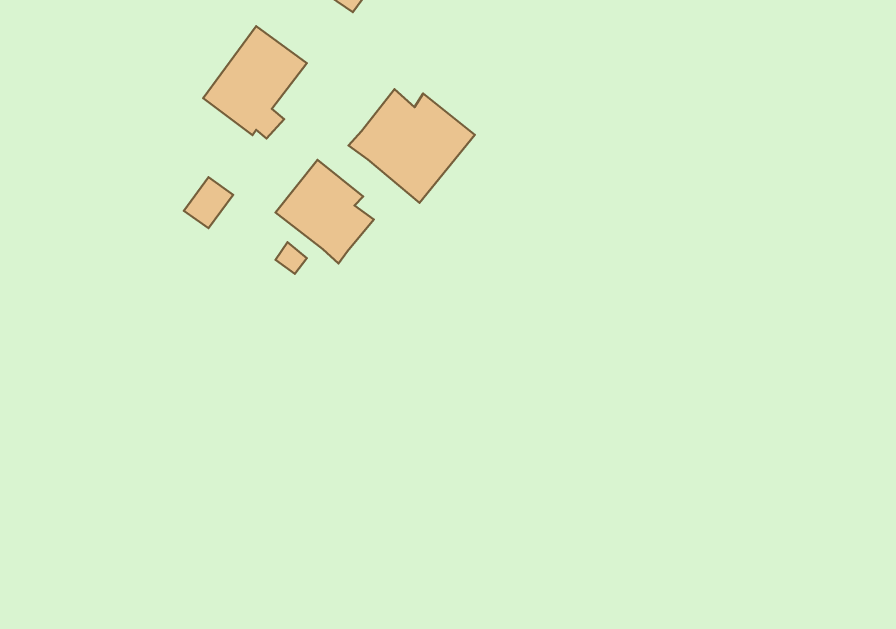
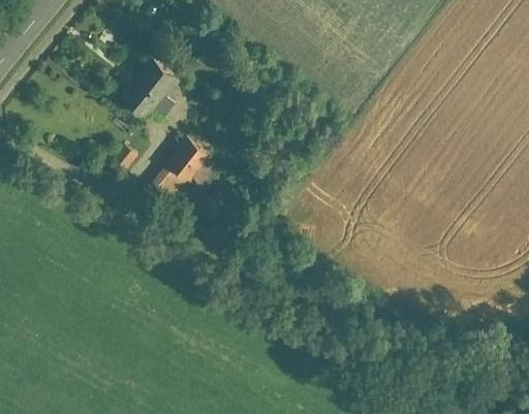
building: [349,89,475,203] -> none

